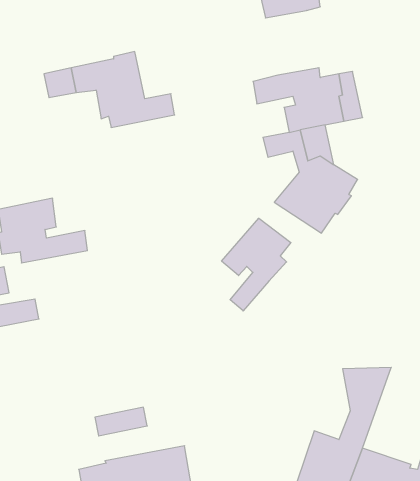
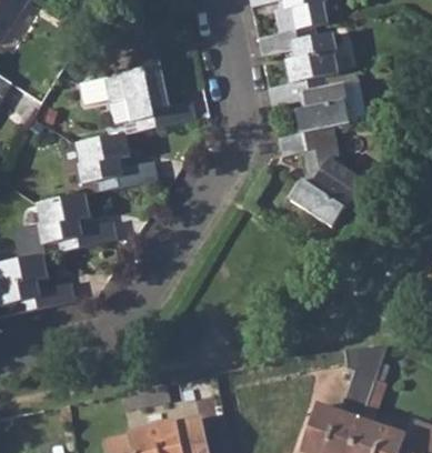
building: none -> [255,28,338,85]
building: none -> [77,135,160,193]
building: [222,218,291,311] -> none

